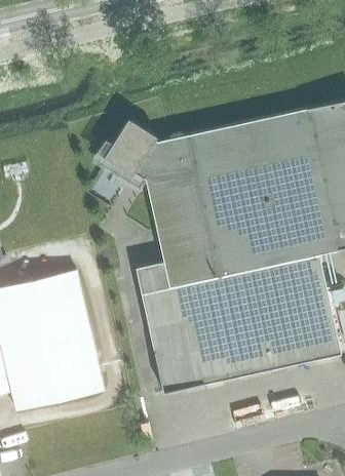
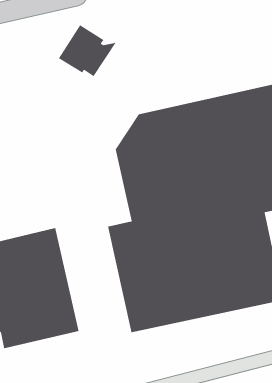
building: [103,118,171,180] -> [58,24,117,77]

